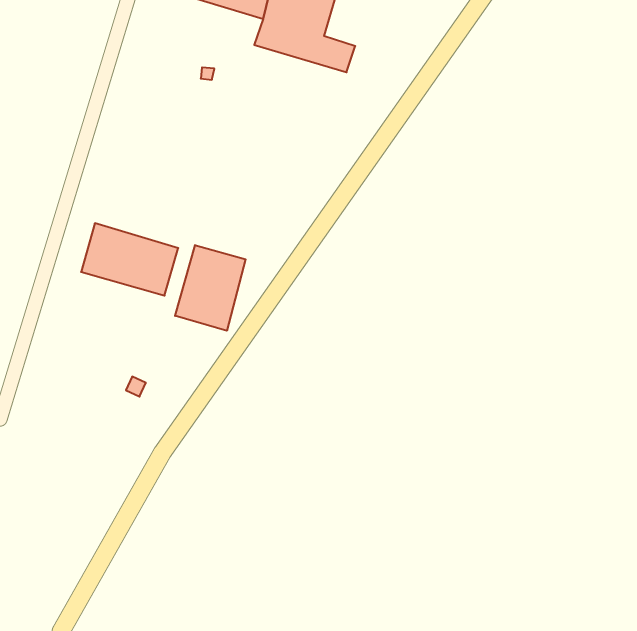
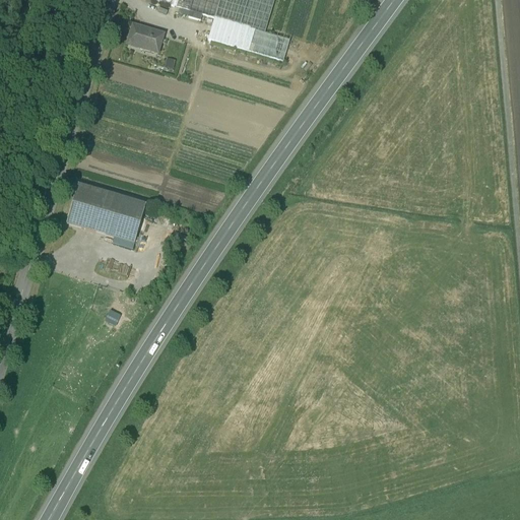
building: none -> [127,23,162,52]
building: [175,245,246,331] -> none

